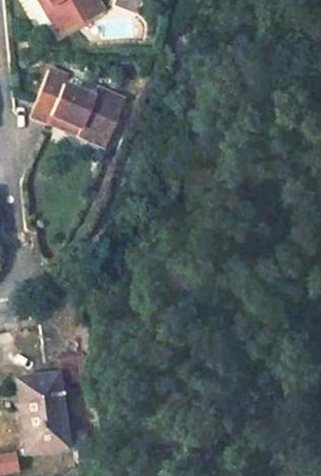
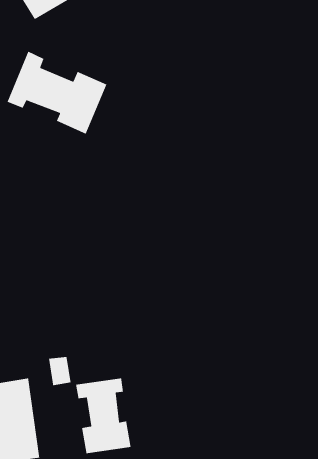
building: none -> [75,377,132,454]

